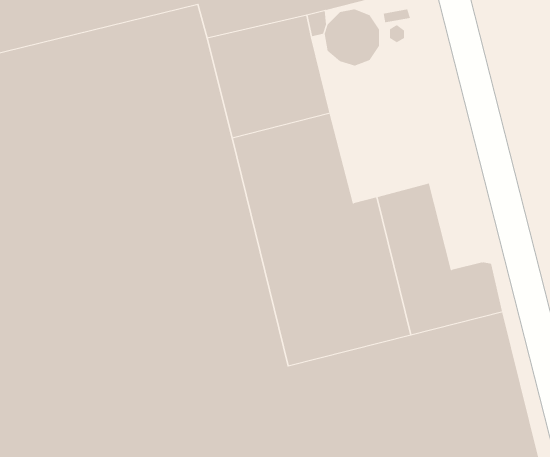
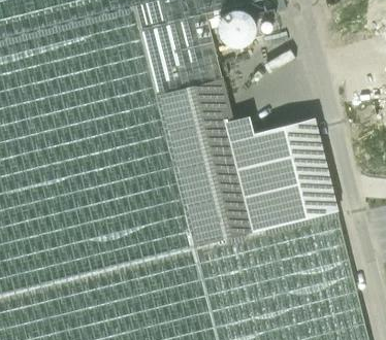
building: none -> [287,120,328,183]

